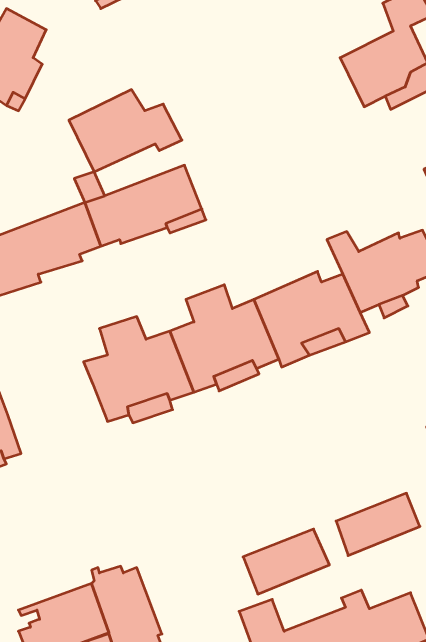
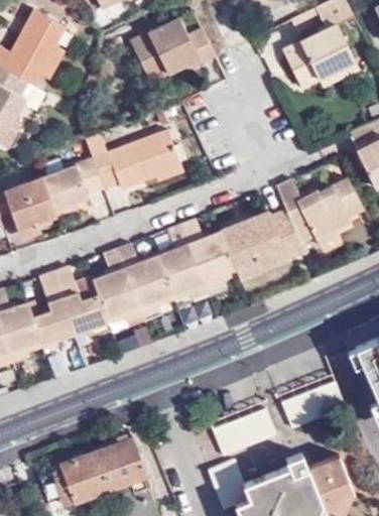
building: [69,90,182,172] -> [131,15,217,78]
building: none -> [34,267,110,349]

